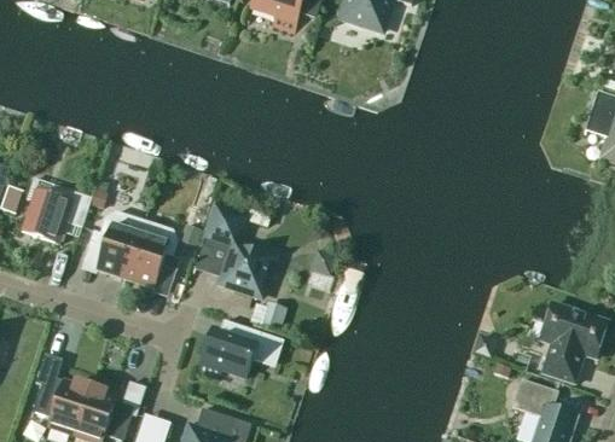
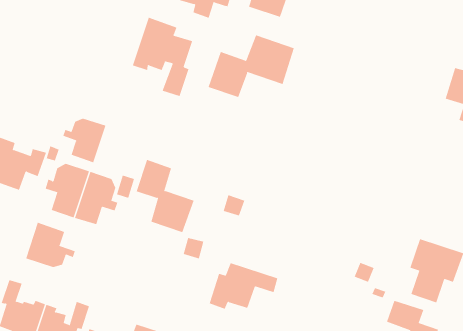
building: none -> [132,17,194,97]
building: none -> [208,35,294,98]
building: none -> [63,118,106,163]
building: none -> [25,222,75,268]
building: [197,319,283,377] -> [209,262,278,309]

